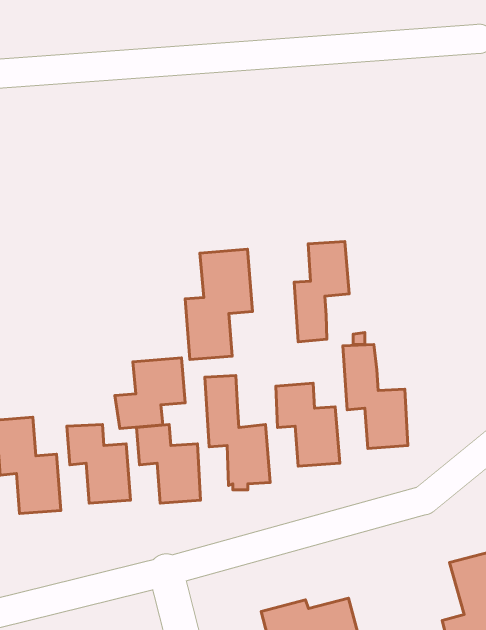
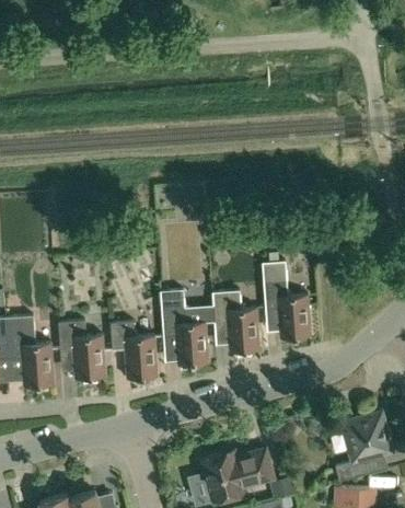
building: [294,242,349,342] -> none
building: [185,249,252,360] -> none
building: [115,358,185,428] -> none

